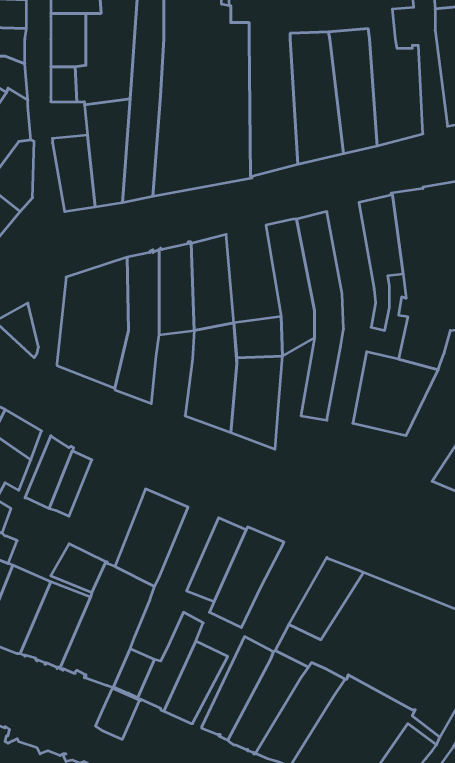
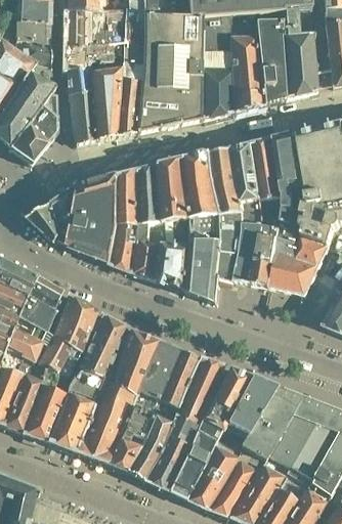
building: none -> [68,70,92,94]
building: none -> [253,137,285,199]
building: none -> [185,152,222,218]
building: none -> [51,185,78,246]
building: none -> [220,228,245,280]
building: none -> [253,234,280,286]
building: none -> [135,241,163,280]
building: none -> [80,313,126,379]
building: none -> [38,336,71,385]
building: none -> [140,342,180,398]
building: none -> [198,366,253,439]
building: none -> [124,404,157,437]
building: none -> [165,412,196,442]
building: [96,688,140,739] -> none

